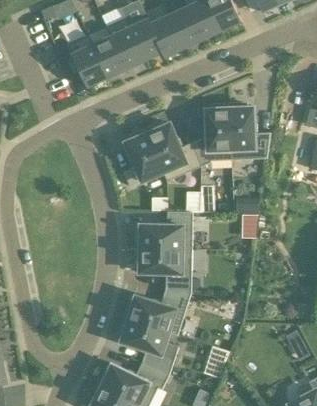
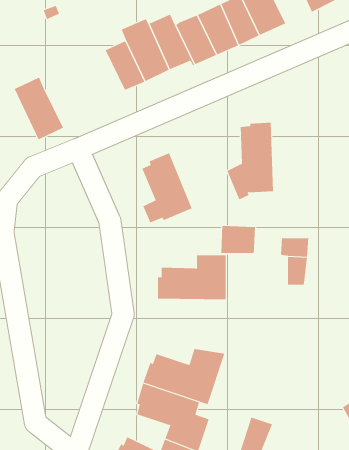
building: [67,35,108,87] -> [14,77,64,140]
building: [229,102,270,160] -> none
building: [145,120,202,181] -> none
building: [134,248,192,293] -> none

